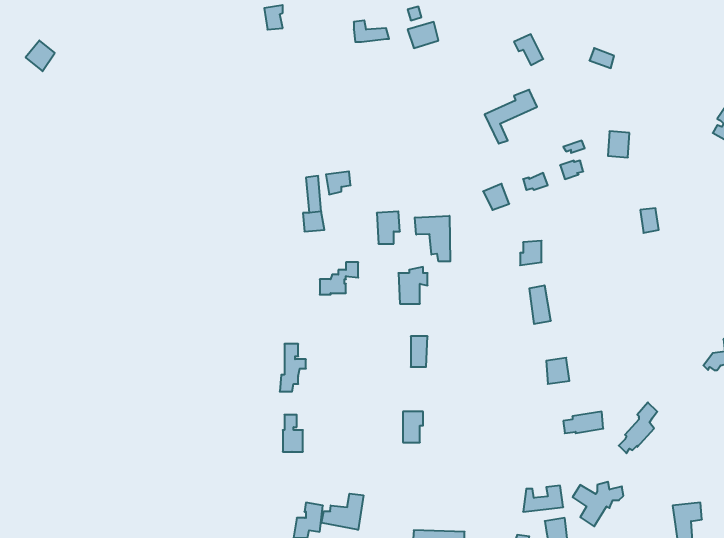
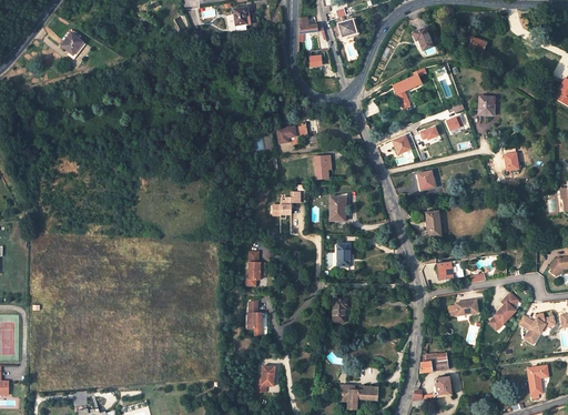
building: [415,216,450,261] -> none
building: [573,482,623,526] -> [518,313,555,345]
building: [322,494,363,530] -> none

